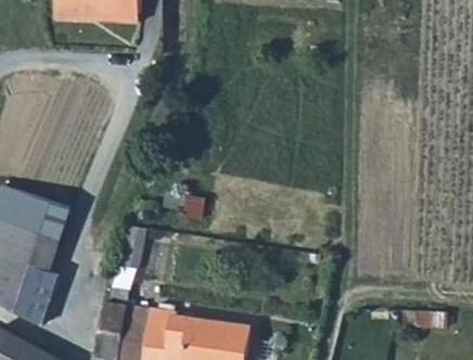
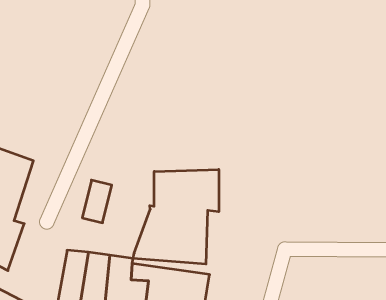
building: none -> [133,169,219,264]

